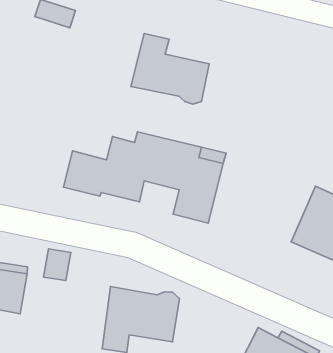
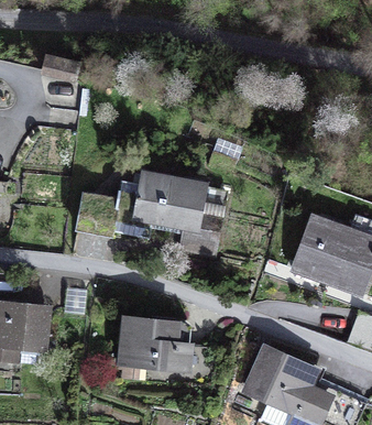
building: [131,33,209,104] -> none

